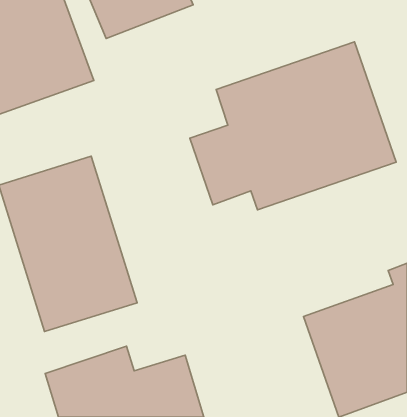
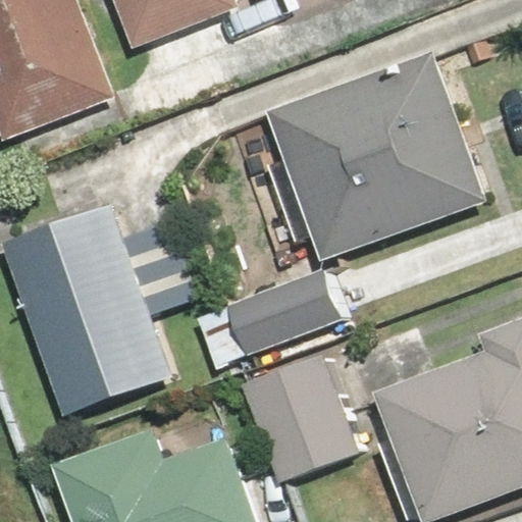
building: none -> [199,275,346,368]
building: none -> [246,356,361,484]

